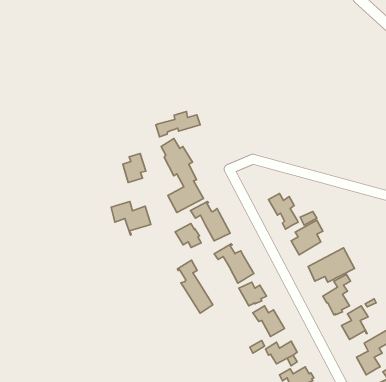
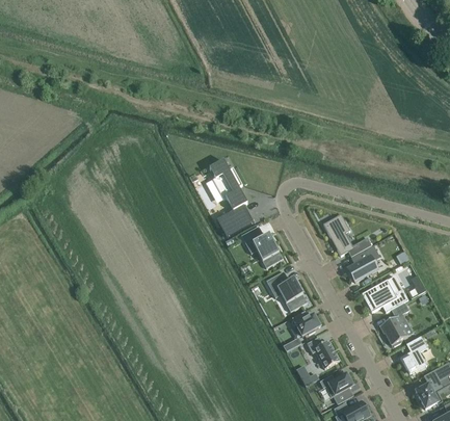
building: [156,112,200,137] -> none
building: [123,153,146,183] -> none
building: [111,202,151,235] -> none
building: [175,223,201,247] -> none
building: [178,260,213,313] -> none

